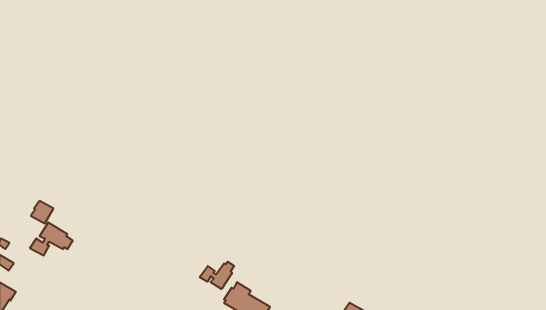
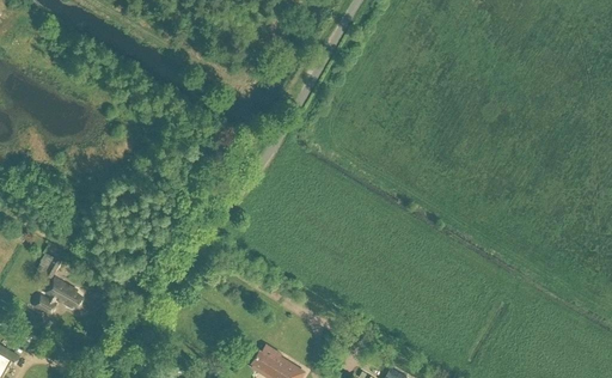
building: [200,262,234,289] -> none

